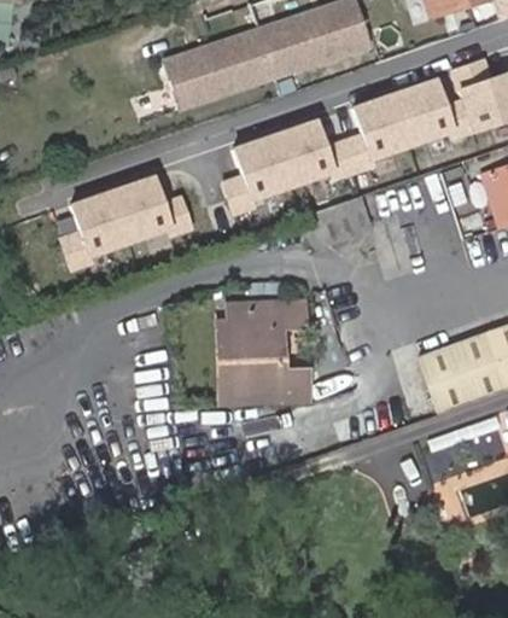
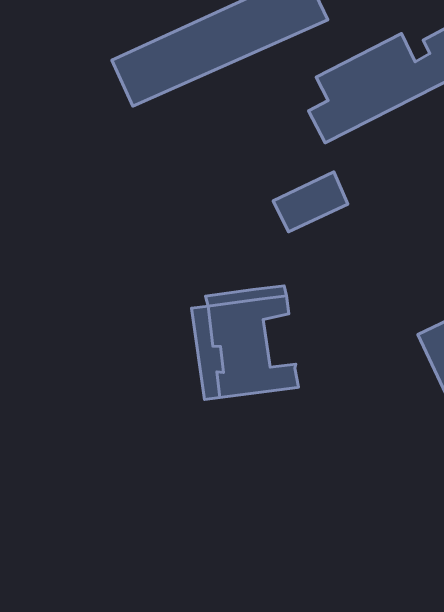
building: [222,112,357,211] -> none
building: [58,169,193,268] -> none

